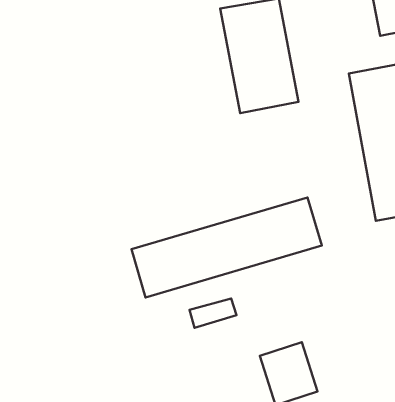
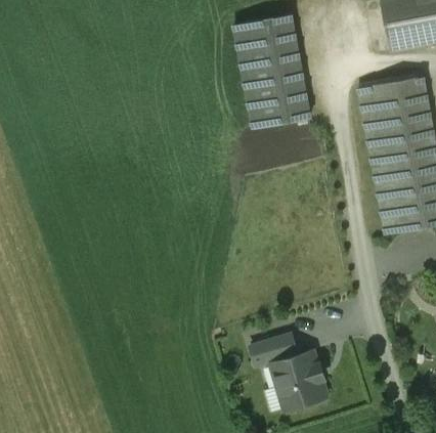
building: [131,197,322,298] -> none
building: [189,298,236,328] -> [251,333,297,361]

